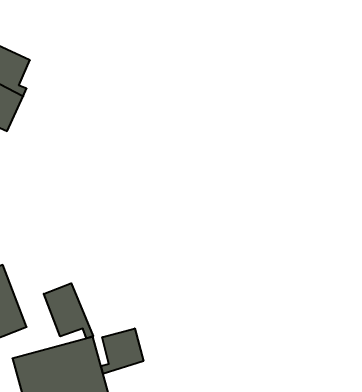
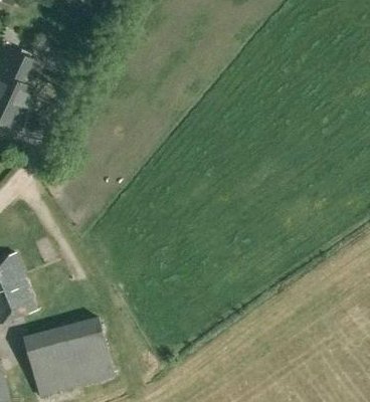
building: [44,283,93,338] -> none
building: [101,328,143,374] -> none

